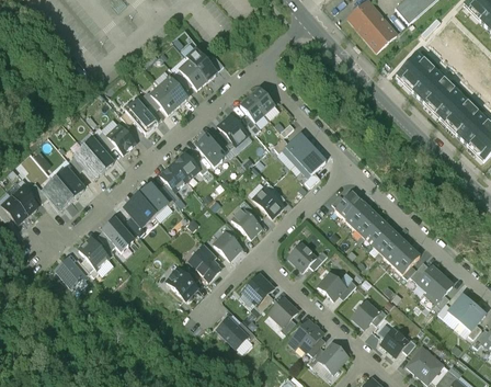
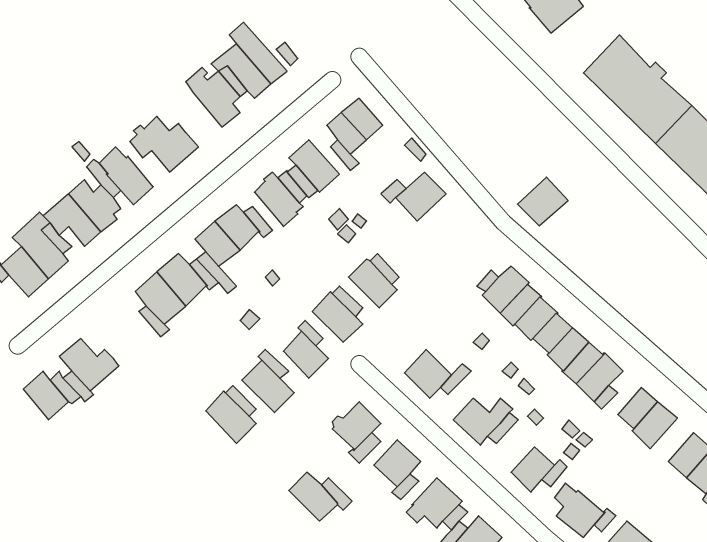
building: [142,87,176,115] -> none
building: [295,148,326,178] -> [517,177,568,226]
building: [98,216,133,250] -> none

